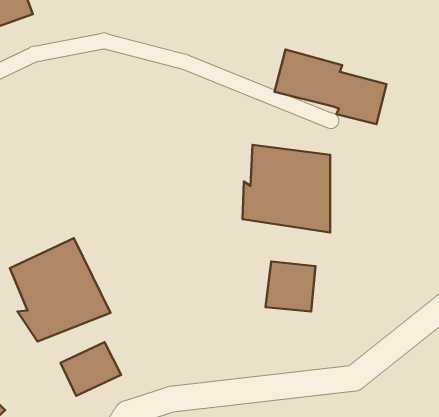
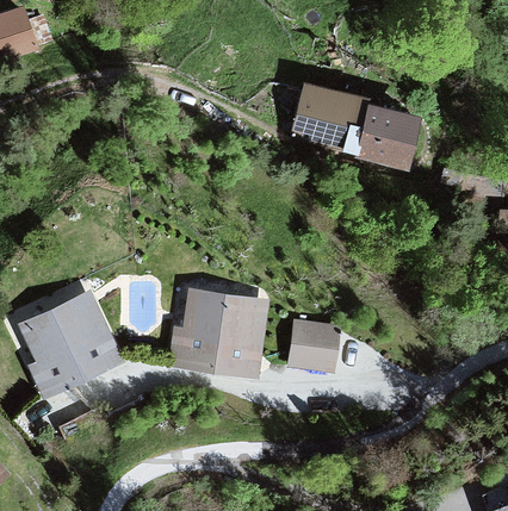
building: [243,145,330,232] -> [168,288,262,382]
building: [61,342,121,396] -> none

